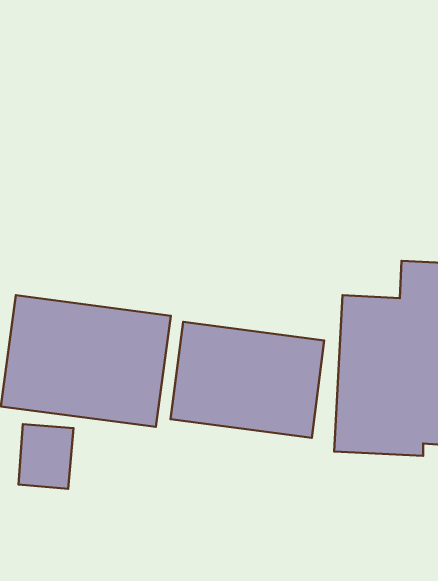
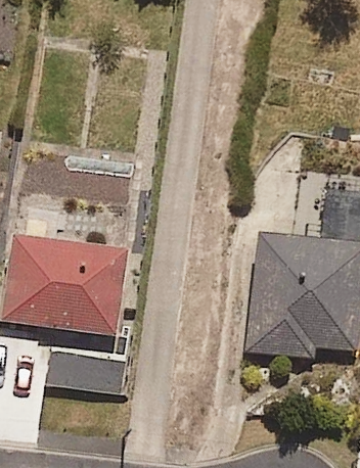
building: [171,322,324,438] -> none

